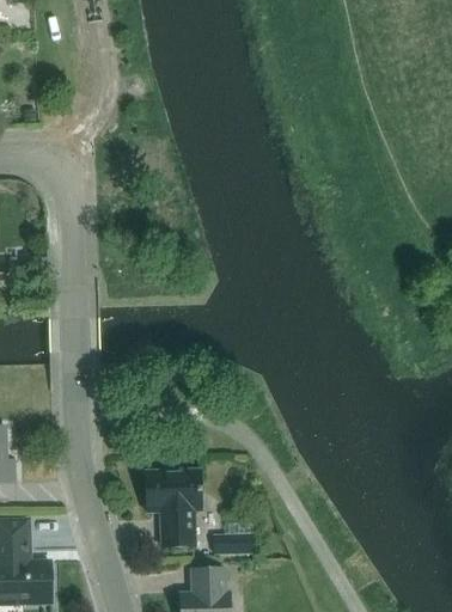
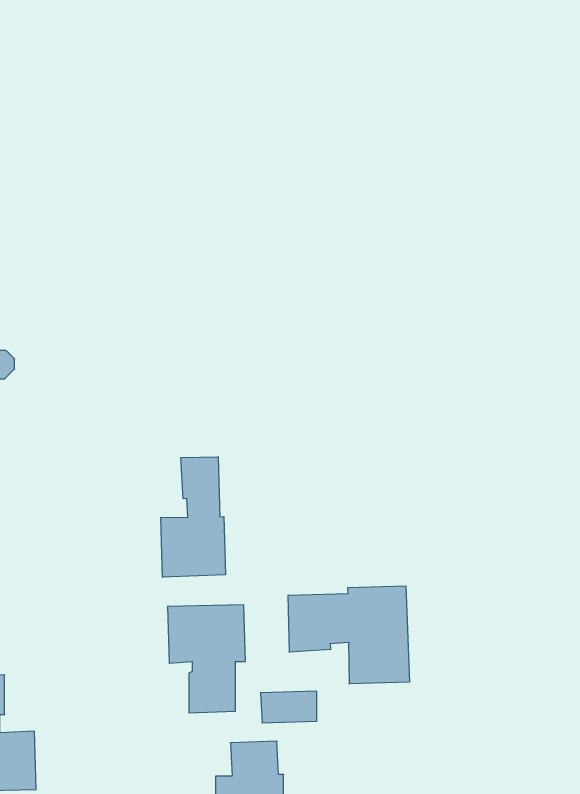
building: none -> [161,457,225,577]
building: none -> [288,586,409,684]

